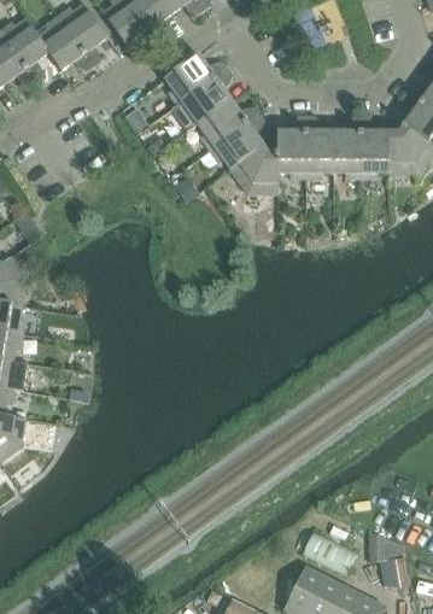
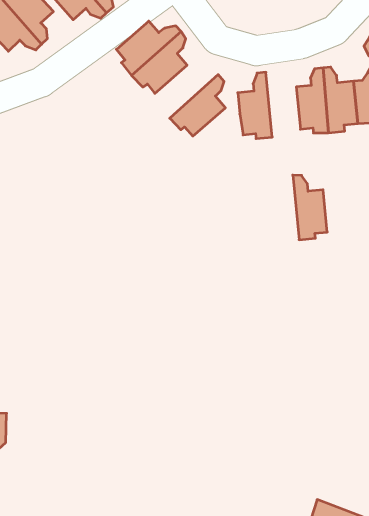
building: [197,100,259,150] -> none
building: [305,115,333,177] -> [293,175,327,240]
building: [229,145,277,193] -> none

